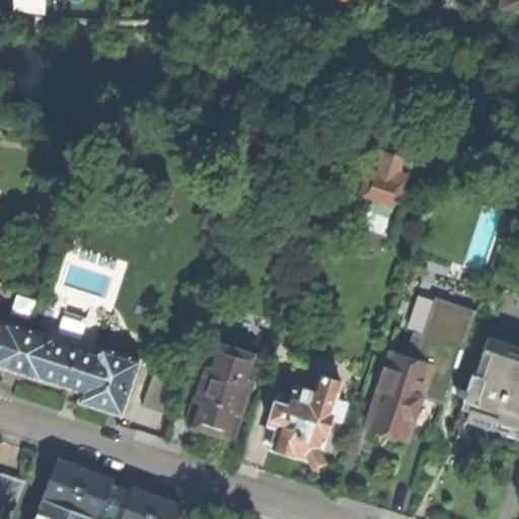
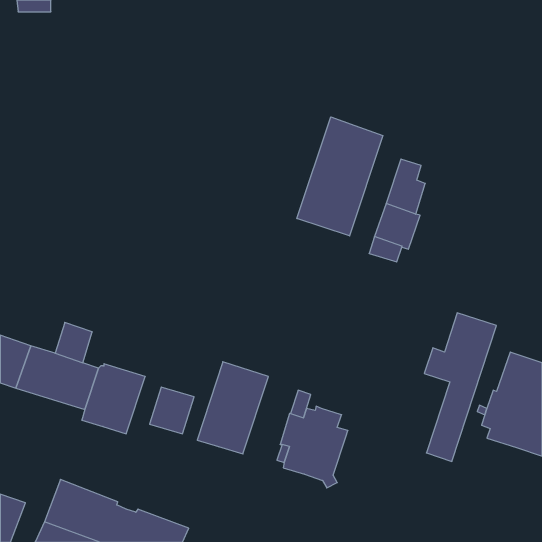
building: none -> [297,117,383,236]
building: [366,352,430,440] -> none
building: [307,374,345,421] -> none

